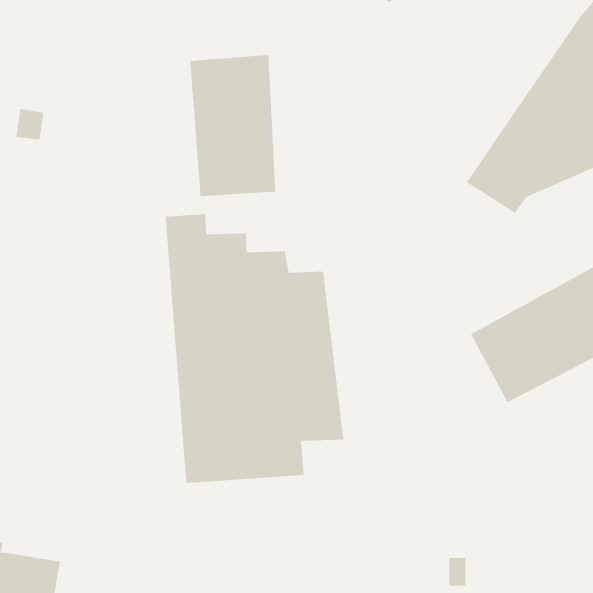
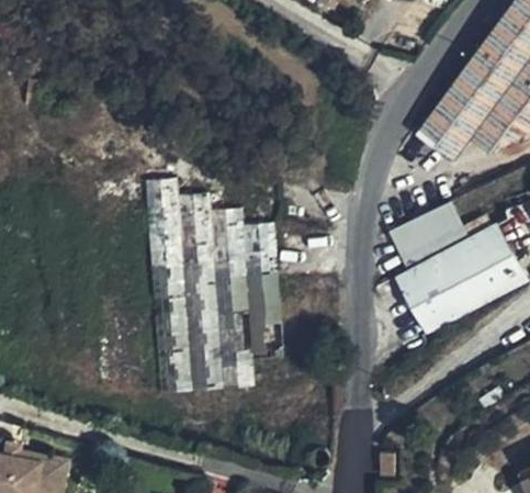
building: [190,54,276,197] -> none
building: none -> [390,211,455,267]

